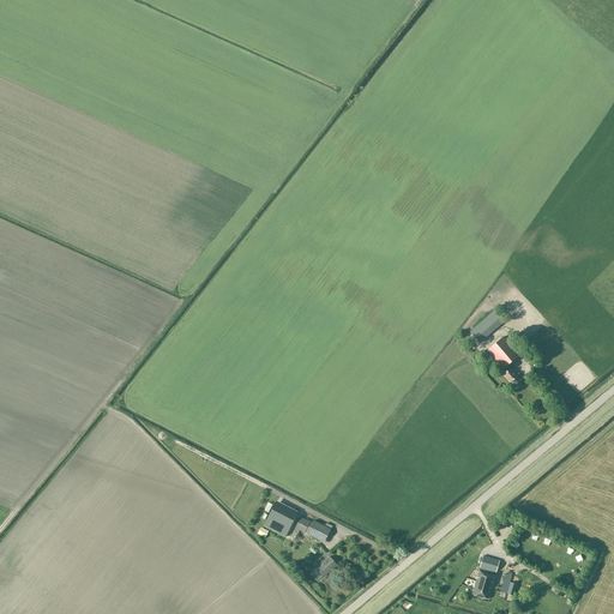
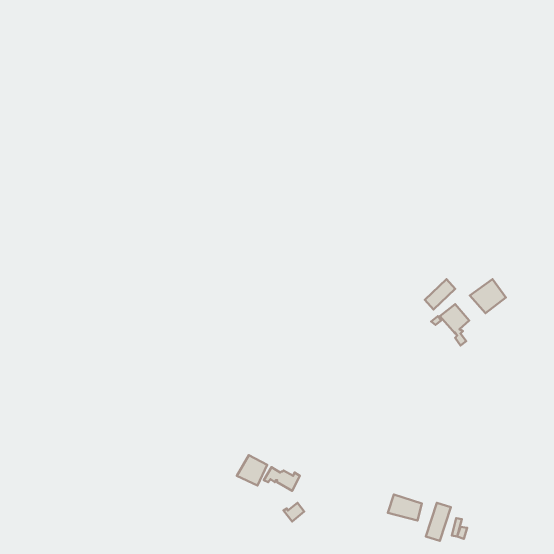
building: none -> [470,279,506,313]
building: none -> [388,495,422,521]

